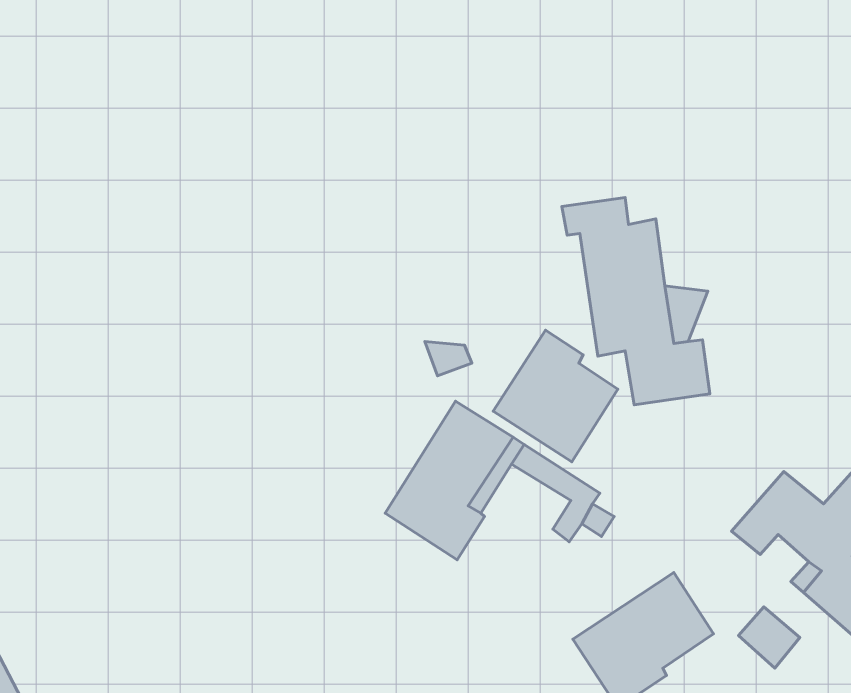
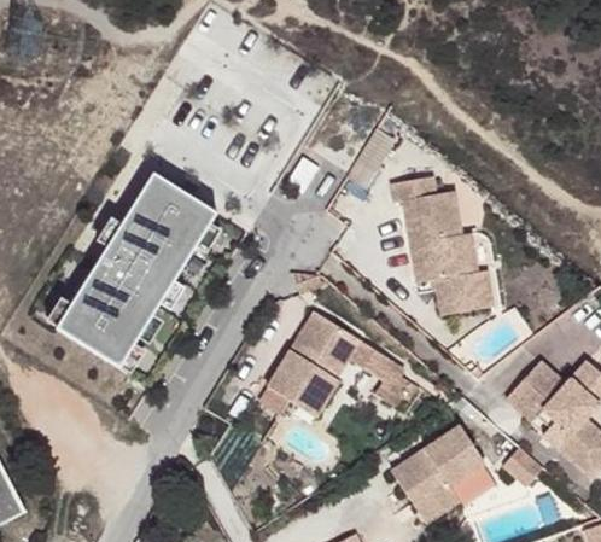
building: none -> [59,179,211,363]
building: [493,330,618,462] -> none

